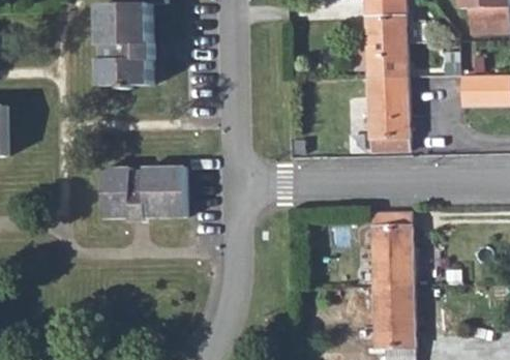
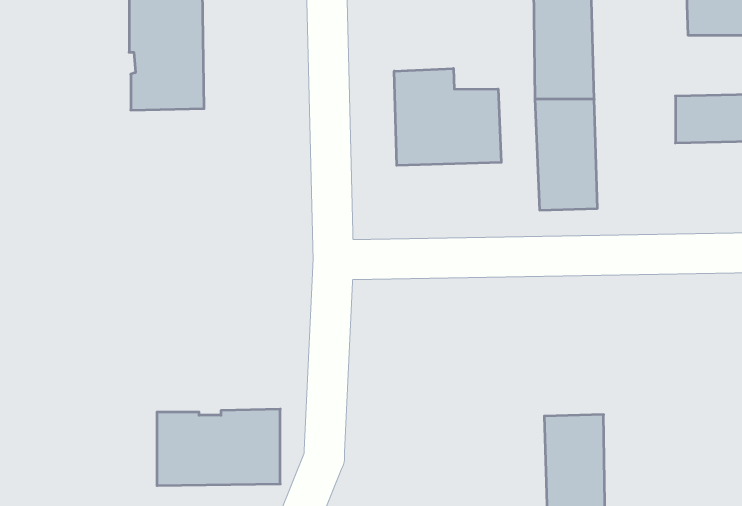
building: none -> [394,68,501,165]
building: [99,163,181,214] -> [157,409,280,486]
building: [371,211,413,287] -> none

